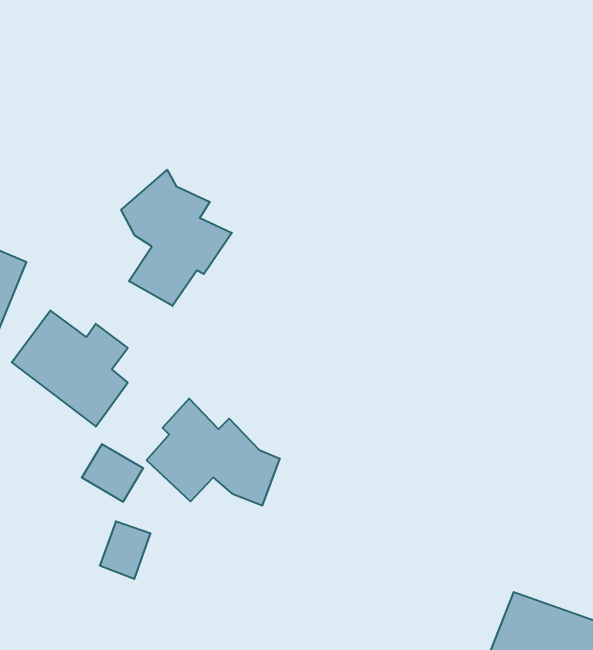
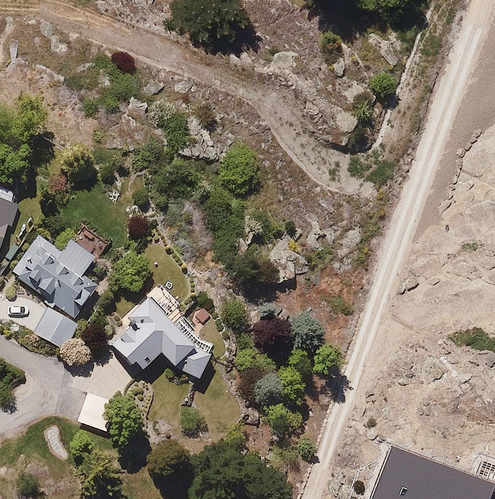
building: [121,170,232,306] -> none
building: [82,444,143,502] -> [29,308,75,351]

